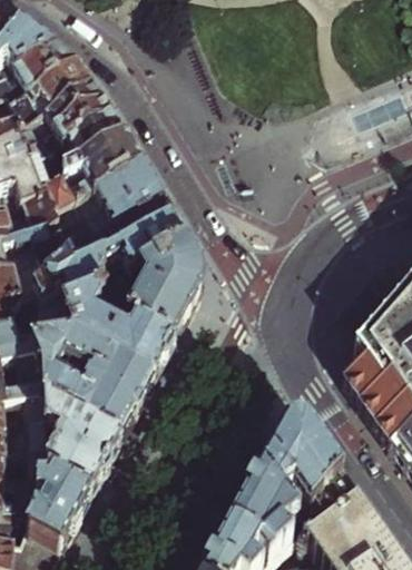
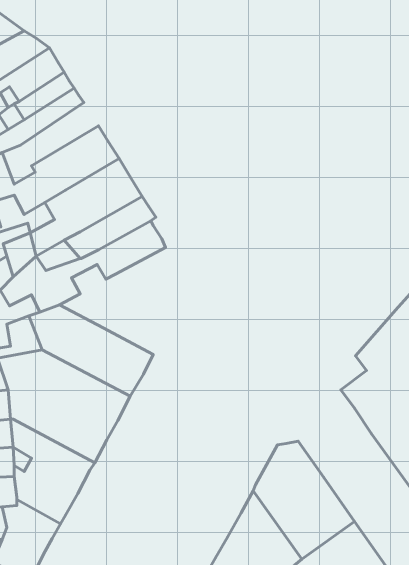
building: [51,111,122,169] -> none
building: [127,244,202,342] -> none

